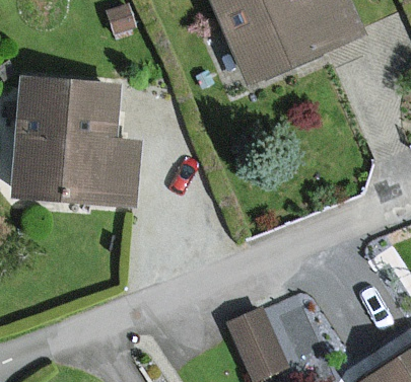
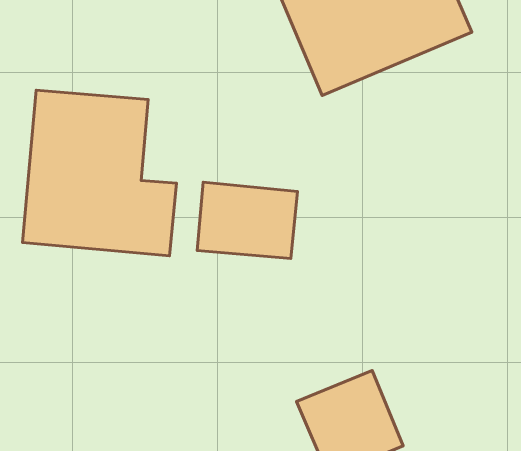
building: none -> [197,182,297,259]

